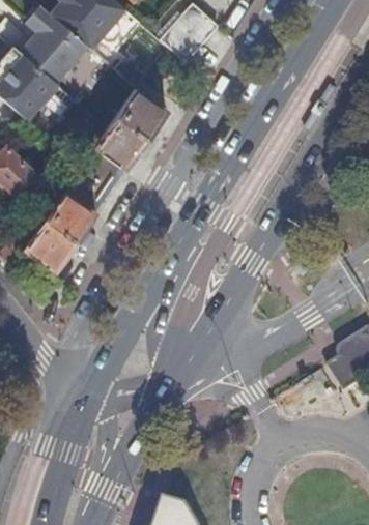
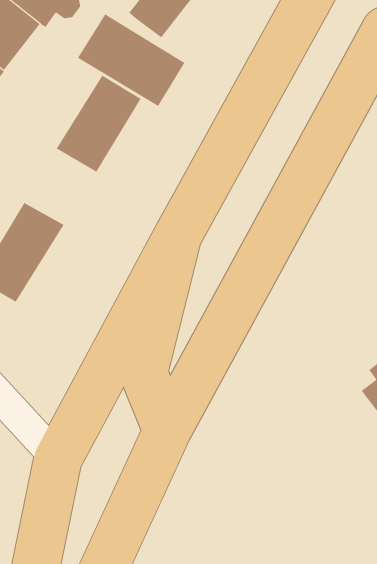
building: none -> [77,13,185,107]
building: [65,147,126,210] -> none

